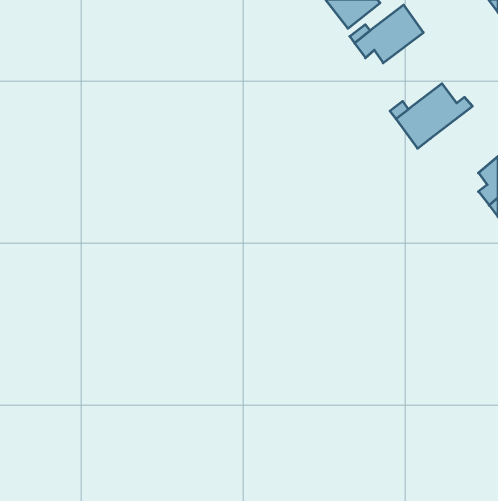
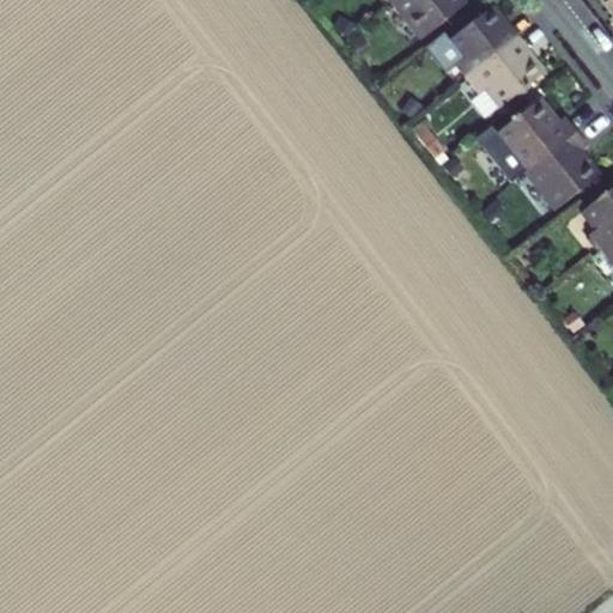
building: none -> [467,40,542,103]
building: none -> [524,129,597,210]

